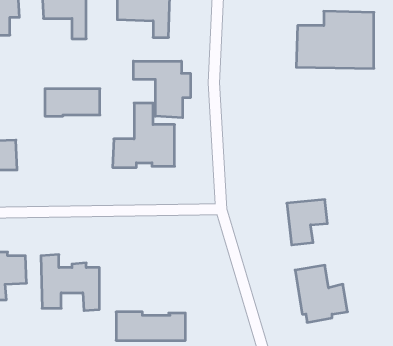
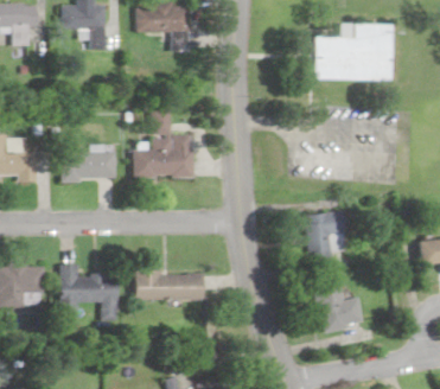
building: [133,61,190,118] -> none
building: [45,89,100,116] -> [60,153,115,180]
building: [116,312,185,340] -> [135,272,204,300]

